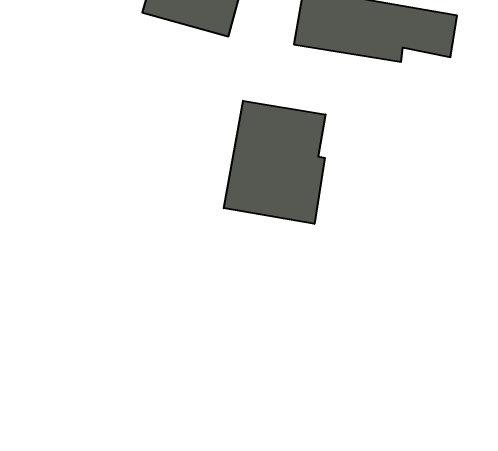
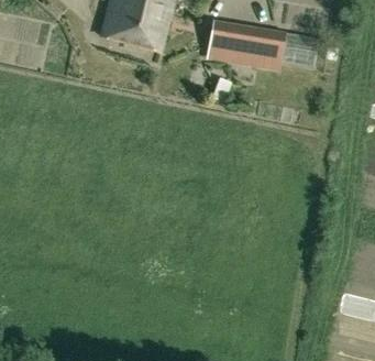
building: [224,101,326,224] -> none

